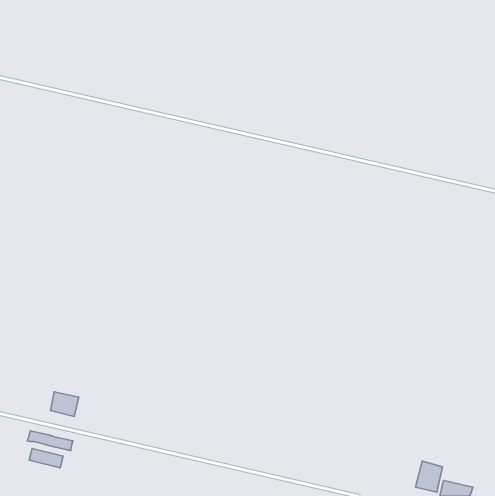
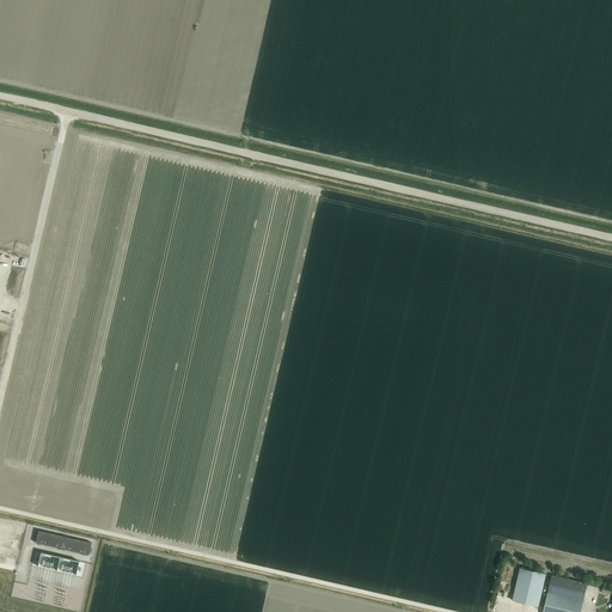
building: [50,392,79,416] -> none
building: none -> [546,575,586,600]

